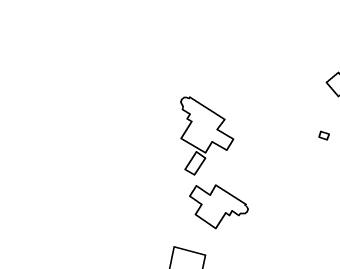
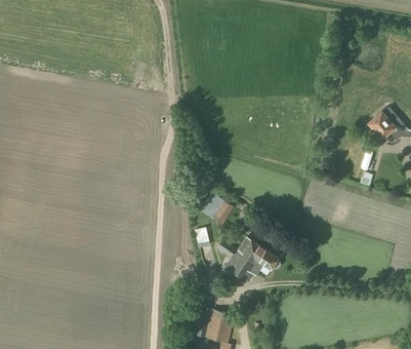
building: [181,97,234,153] -> none

